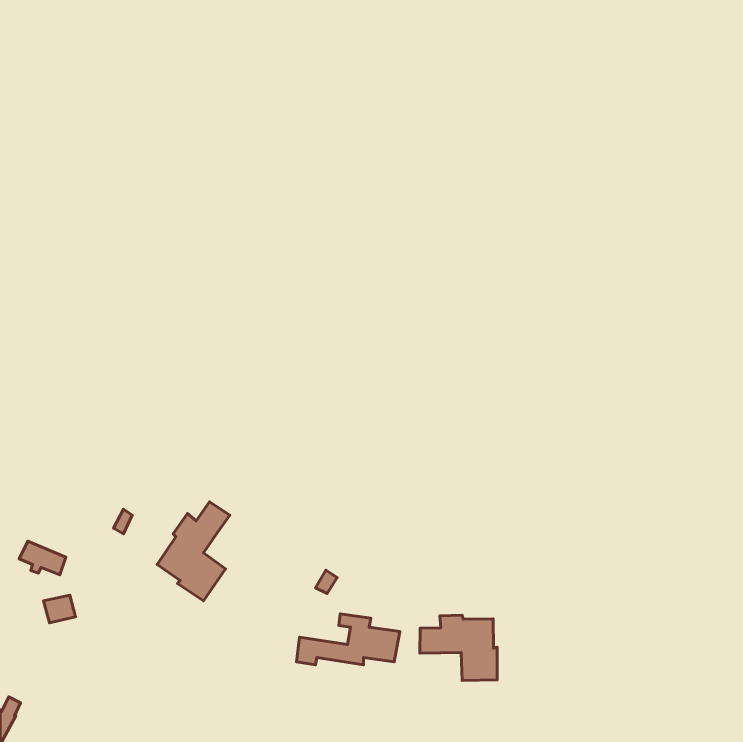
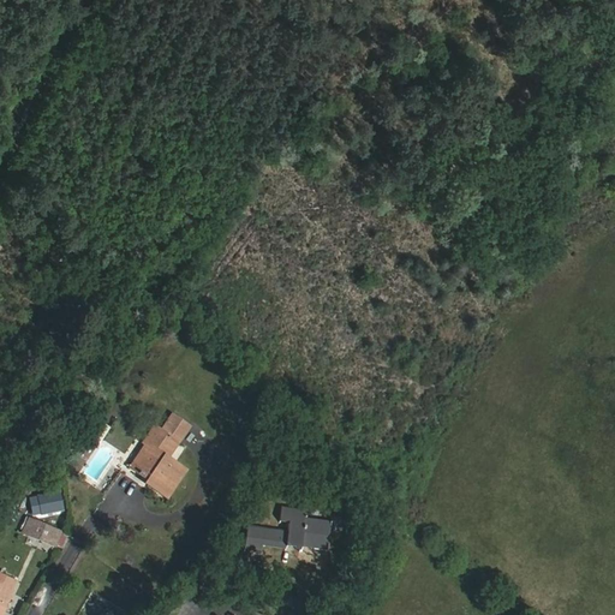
building: [19,541,66,575] -> [22,518,60,545]
building: [420,615,497,680] -> none

